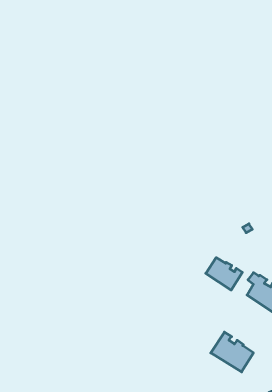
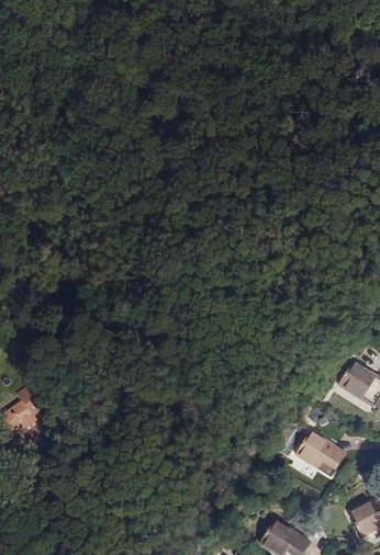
building: [206,258,242,290] -> none

